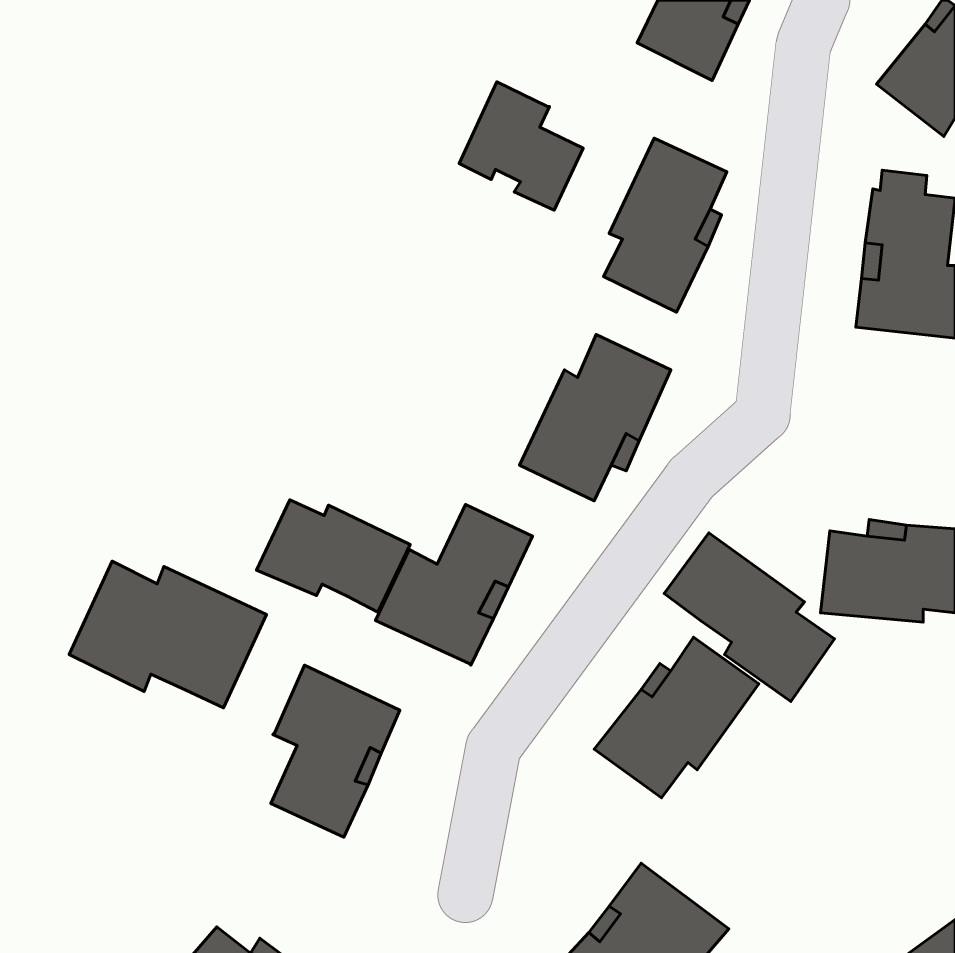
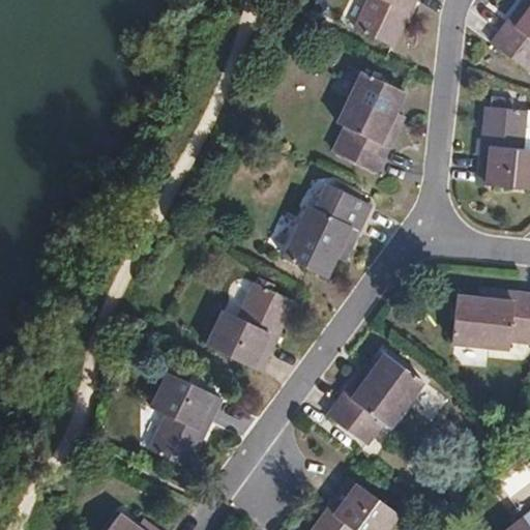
building: [459,82,583,210] -> none
building: [257,500,410,612] -> none
building: [664,533,835,701] -> none
building: [69,561,267,708] -> none

